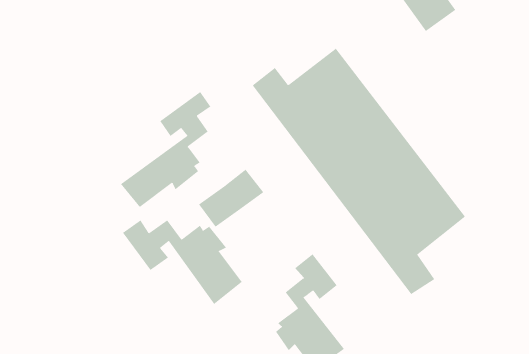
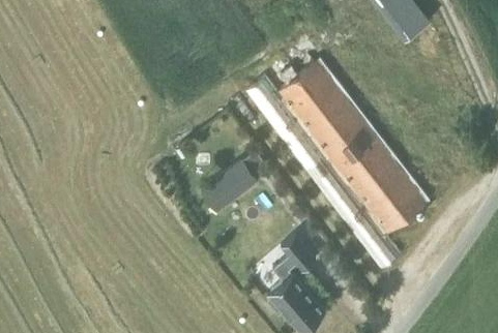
building: [120,91,211,208] -> none
building: [122,220,242,305] -> none

